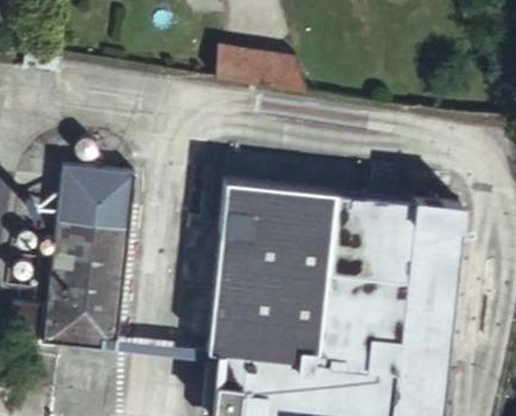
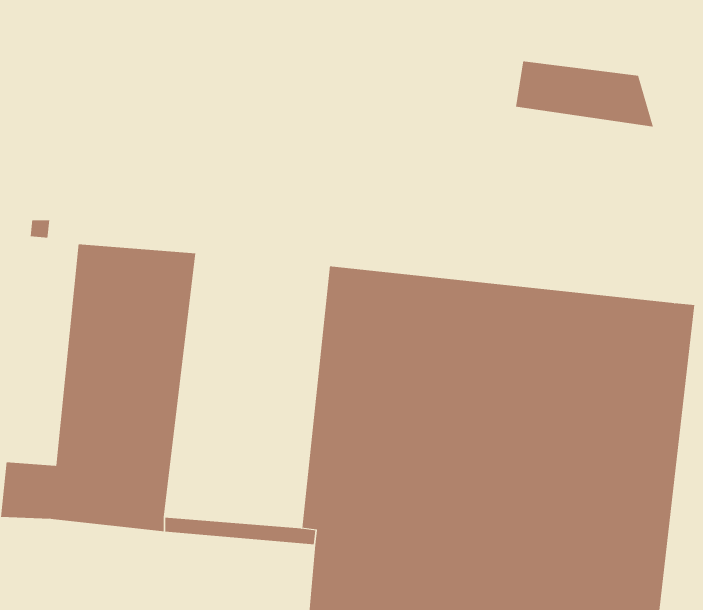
building: [217,46,306,89] -> [515,61,654,127]

